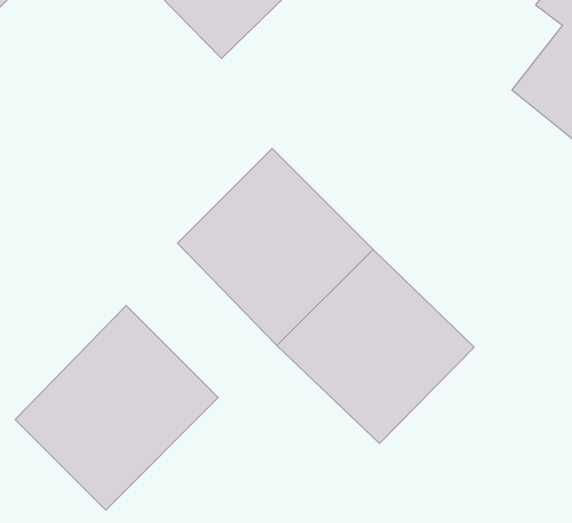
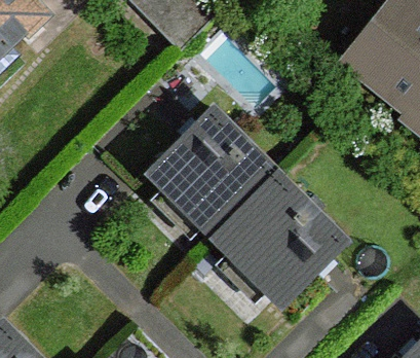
building: [15,305,218,510] -> none

